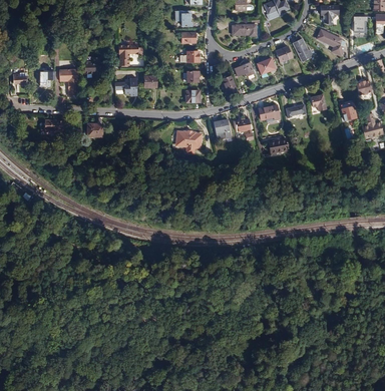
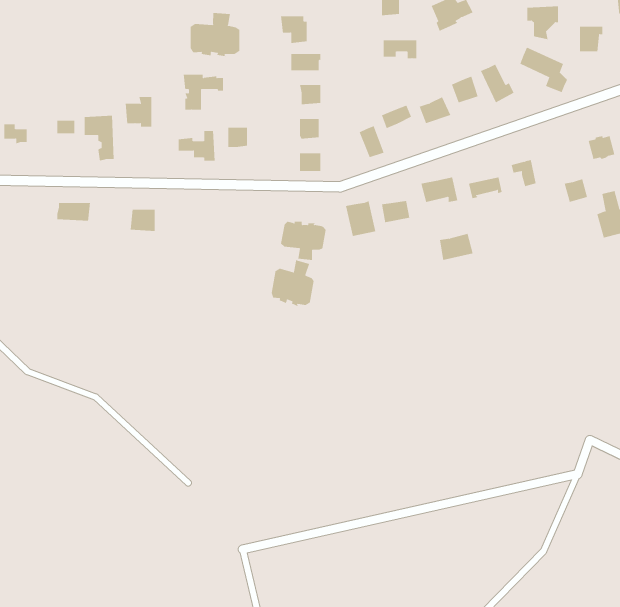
building: none -> [190,12,240,57]
building: none -> [271,260,314,307]

